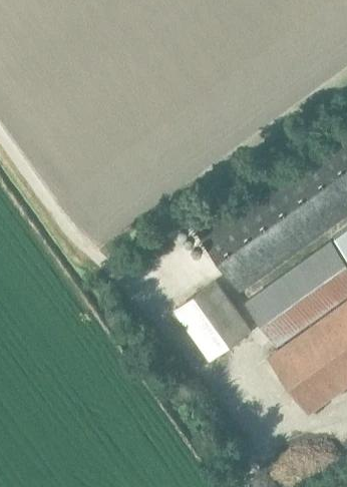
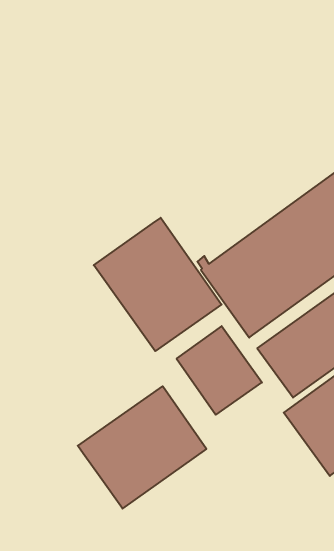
building: none -> [94,218,222,351]
building: none -> [78,386,206,509]

